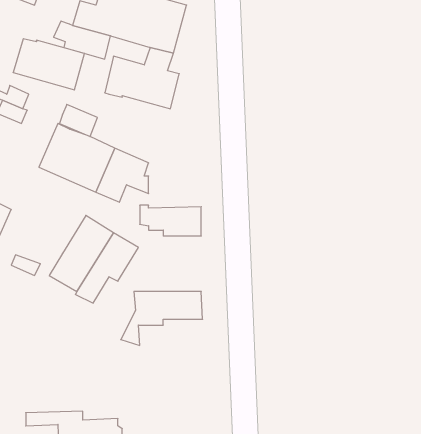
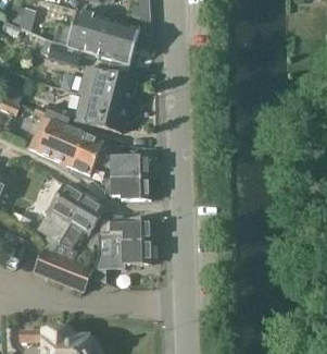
building: [13,39,85,90] -> [75,94,128,132]
building: none -> [109,143,151,179]
building: none -> [101,217,151,241]
building: none -> [36,243,92,291]

